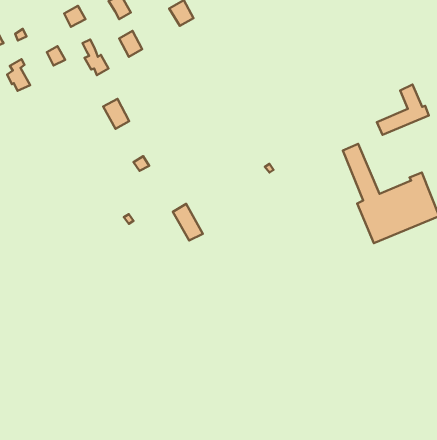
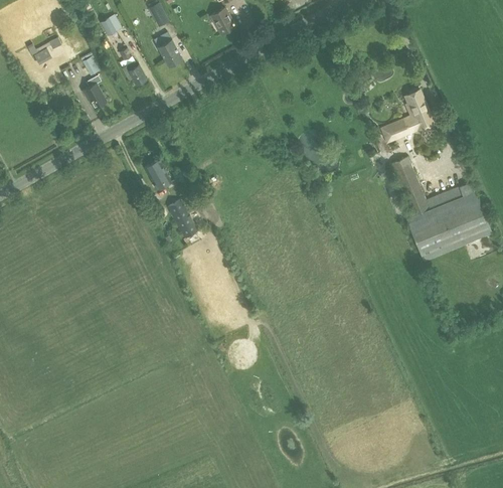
building: [7,59,30,91] -> [81,72,106,106]
building: [377,85,429,135] -> [380,89,435,141]
building: [103,99,129,129] -> [143,157,170,188]
building: [173,204,203,241] -> [166,197,197,235]

